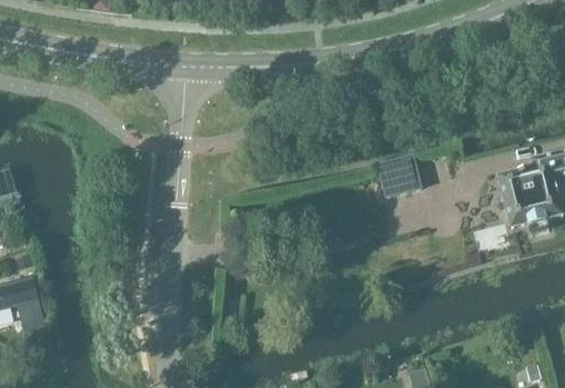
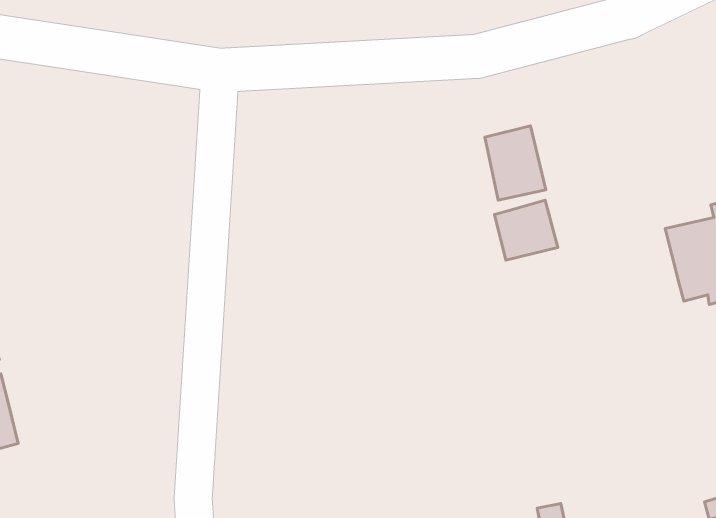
building: none -> [485,126,546,200]

